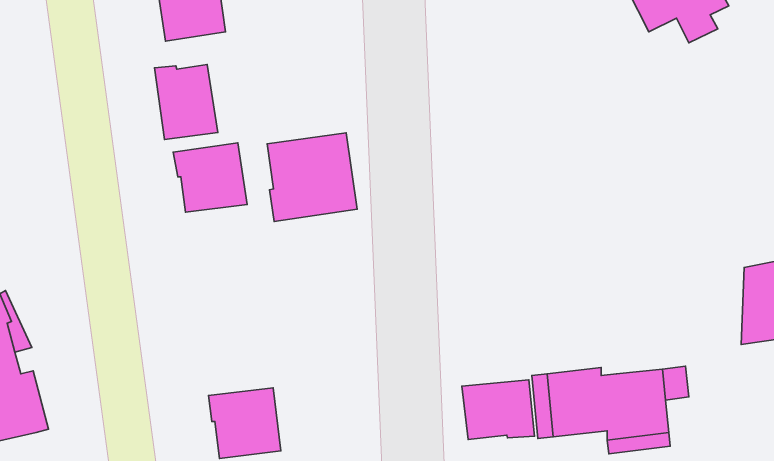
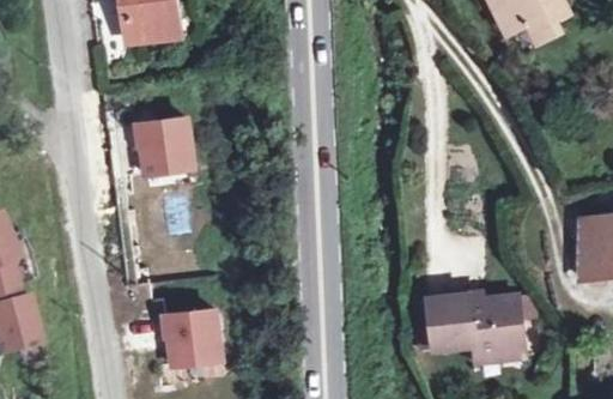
building: [154,64,218,140] -> none
building: [267,133,357,221] -> none
building: [462,380,534,439] -> none

